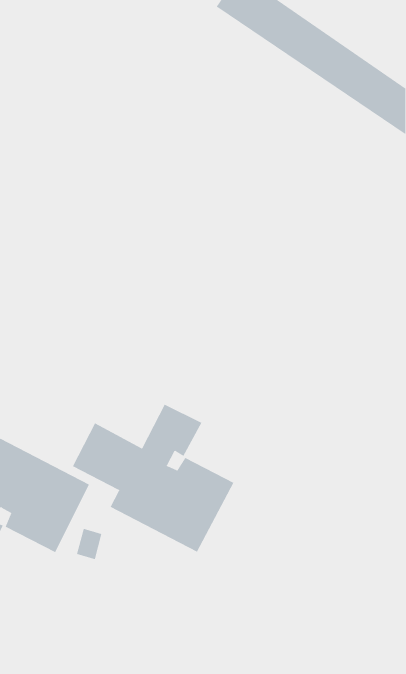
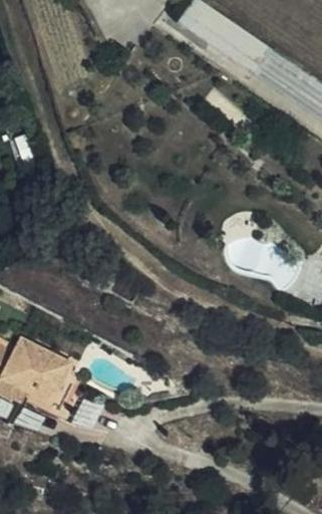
building: [72,404,234,552] -> none

